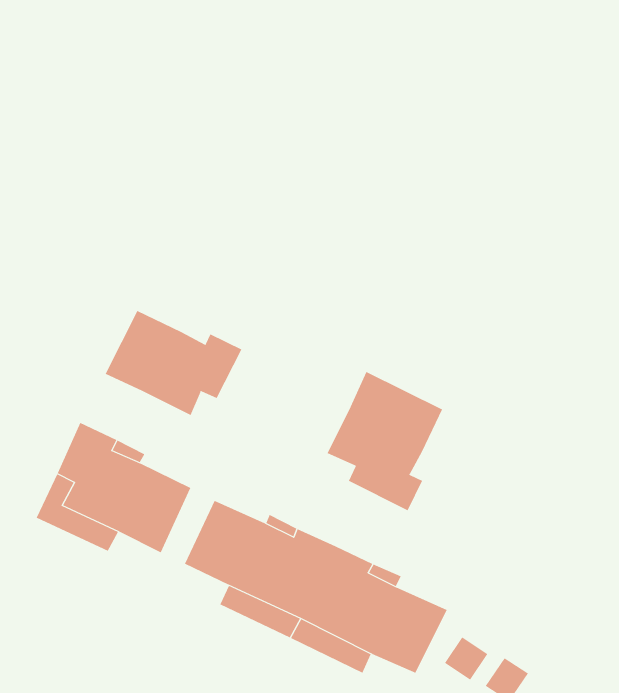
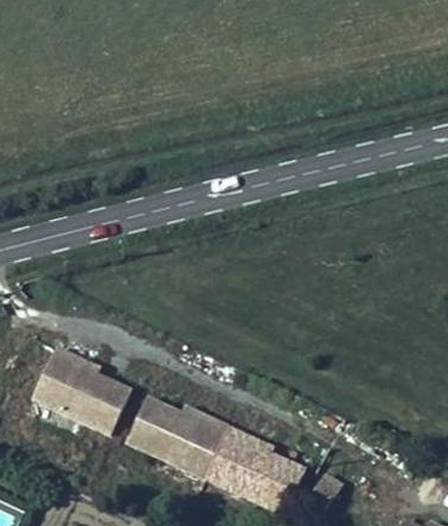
building: [105,310,242,416] -> none
building: [327,371,443,511] -> none

